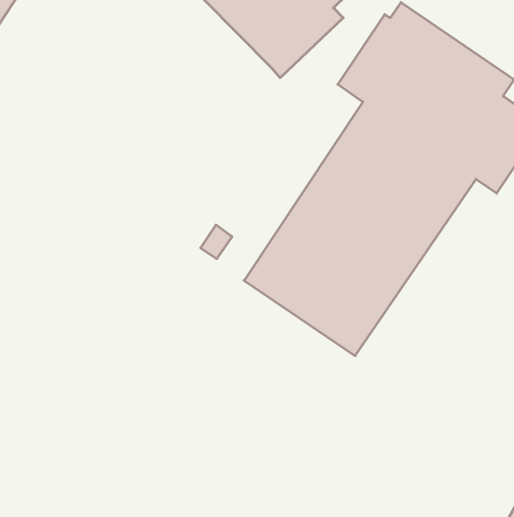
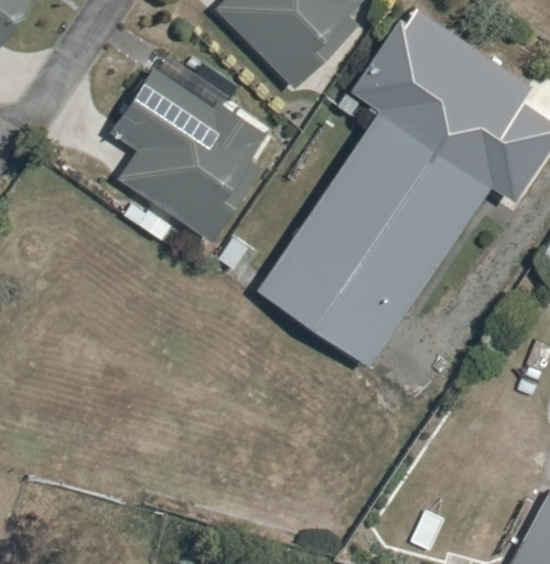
building: none -> [110,69,268,241]

